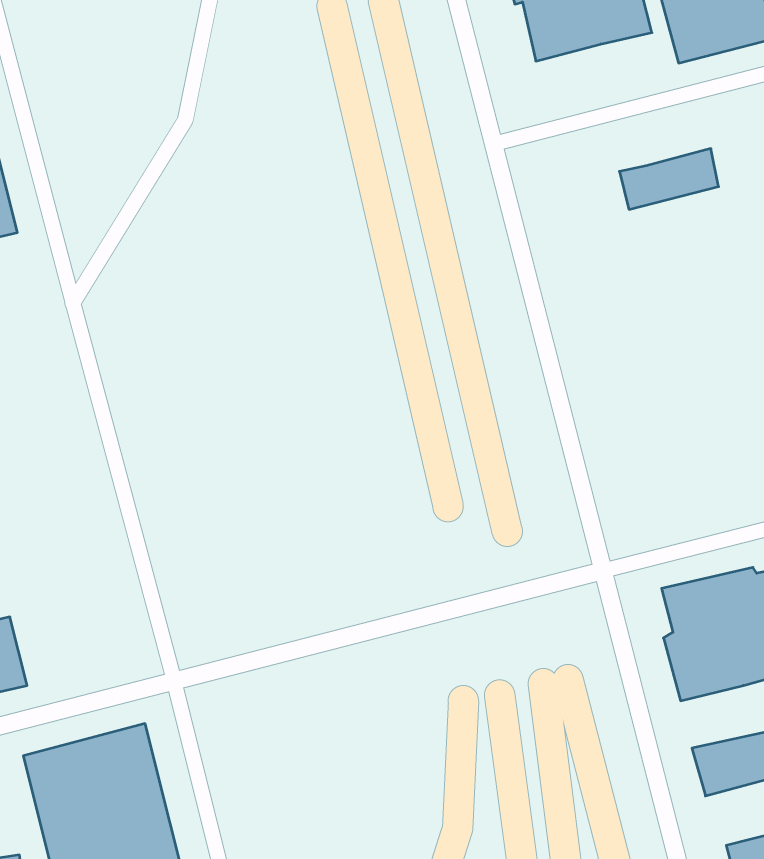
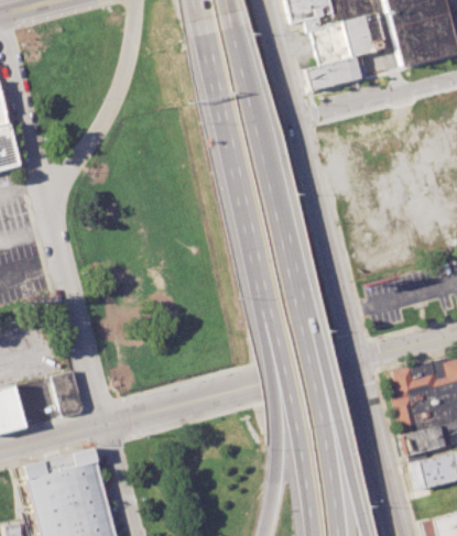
building: [619,149,719,209] -> [305,55,362,90]
building: none -> [52,371,84,417]
building: none -> [403,426,446,456]

